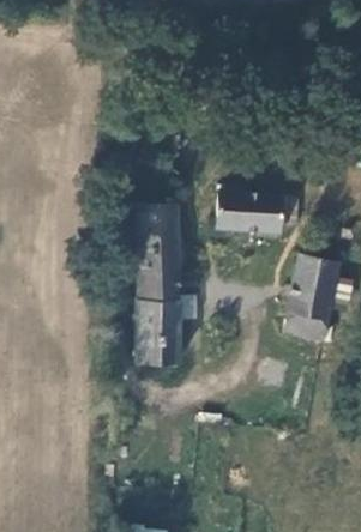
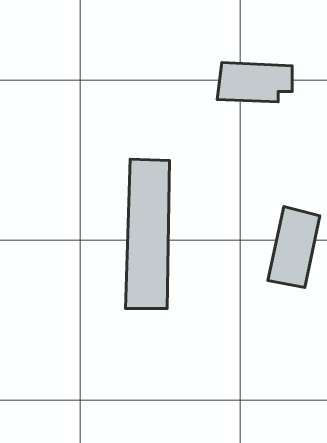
building: [217,193,295,234] -> [217,62,292,102]

